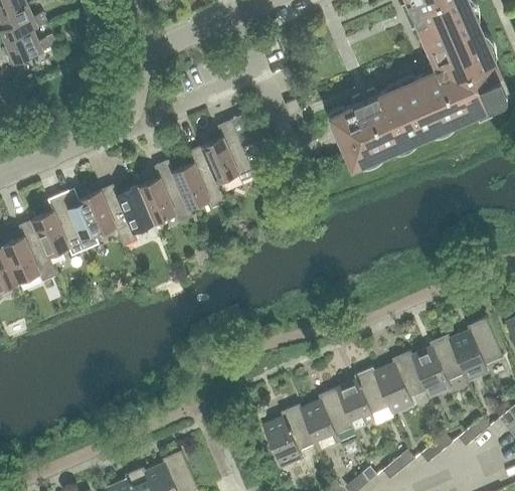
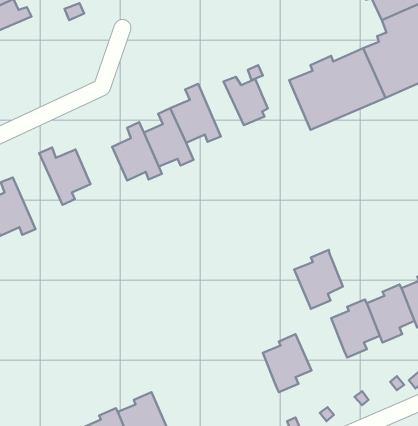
building: none -> [224,77,268,125]
building: [99,185,154,247] -> none
building: [31,194,84,257] -> none
building: [335,367,387,431] -> [294,250,343,309]
building: [262,404,314,467] -> none

